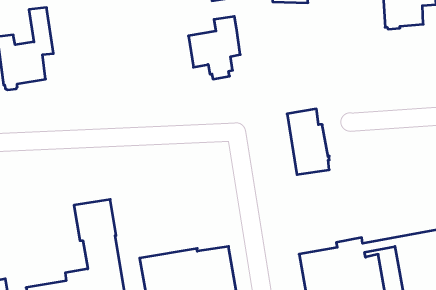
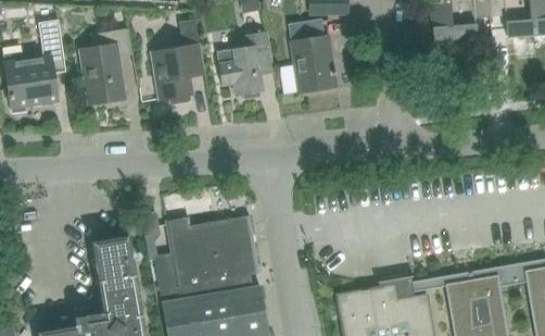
building: none -> [150,20,201,105]
building: none -> [79,32,131,105]
building: [287,109,329,175] -> [288,20,334,92]
building: none -> [154,220,257,300]

